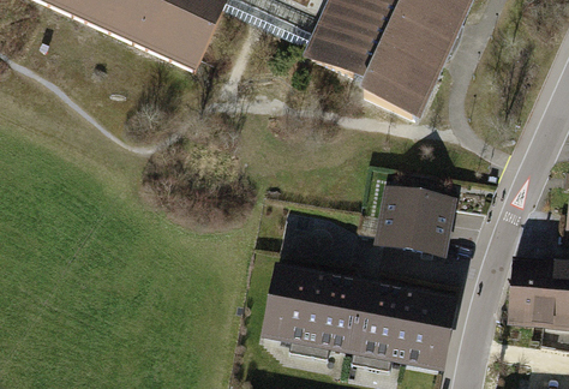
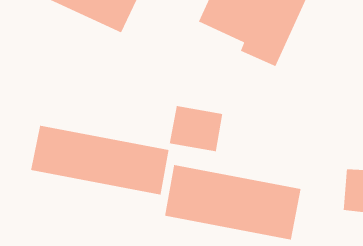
building: [377,187,455,255] -> [169,105,223,152]
building: none -> [30,125,170,195]

